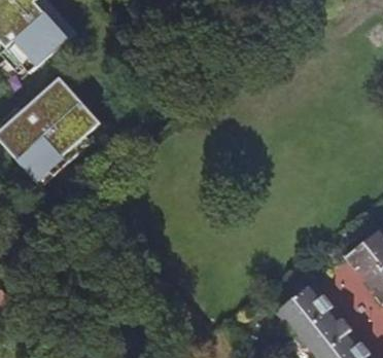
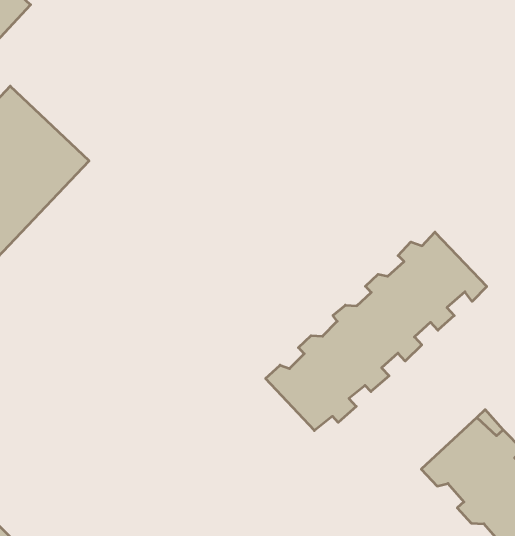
building: none -> [266,232,487,431]

